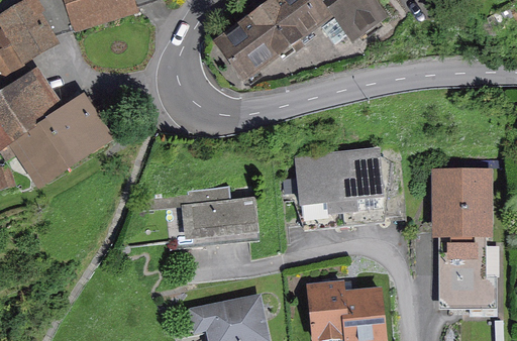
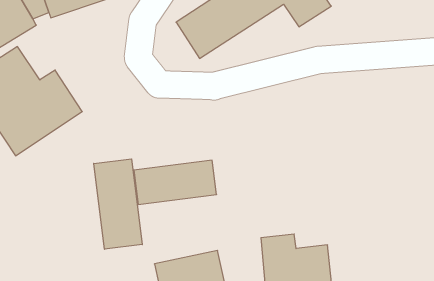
building: [293,147,386,221] -> none
building: [431,167,497,309] -> none
building: none -> [94,159,142,249]

